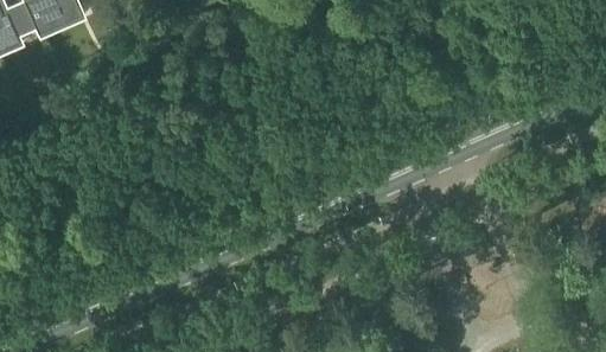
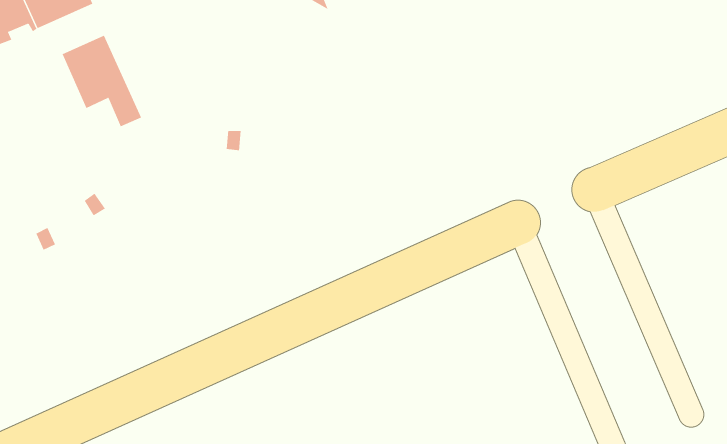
building: none -> [62,35,142,127]

